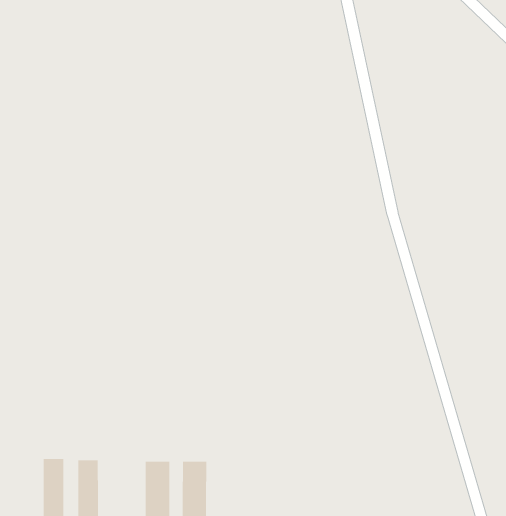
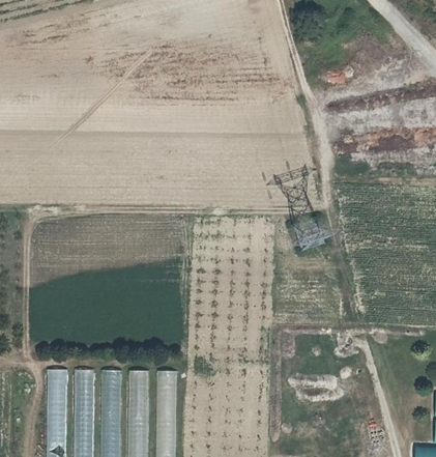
building: none -> [101,369,120,408]

